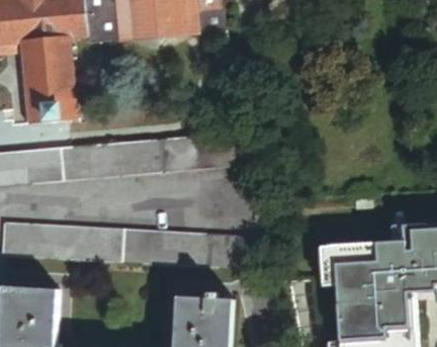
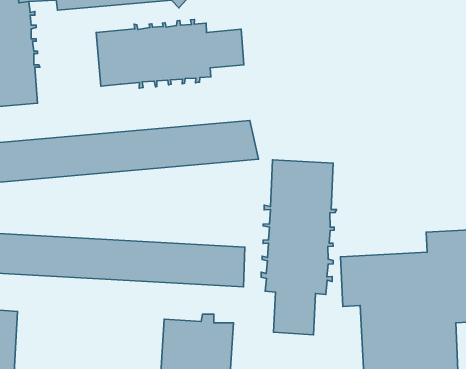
building: none -> [96,19,244,88]
building: none -> [261,160,336,335]

